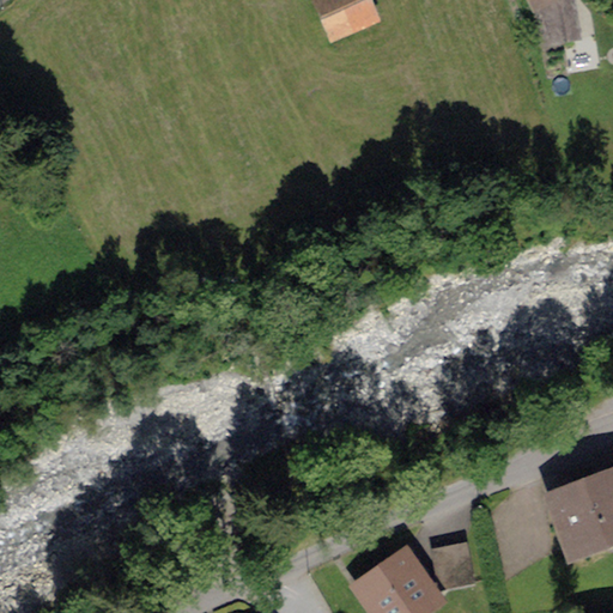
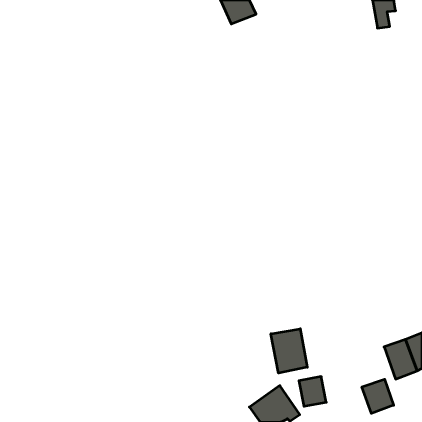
building: none -> [271,329,307,373]
building: none -> [362,379,394,413]

